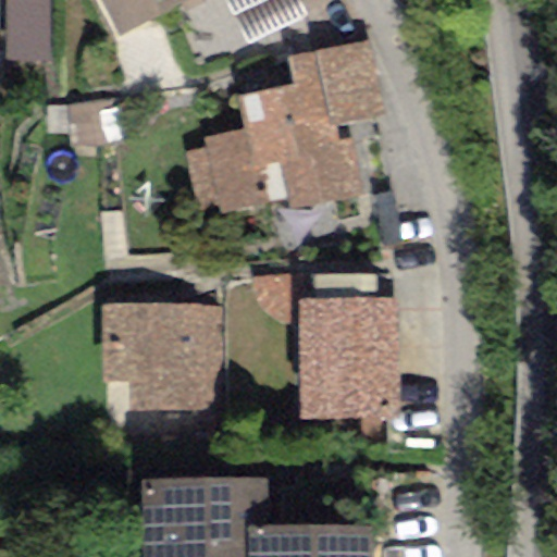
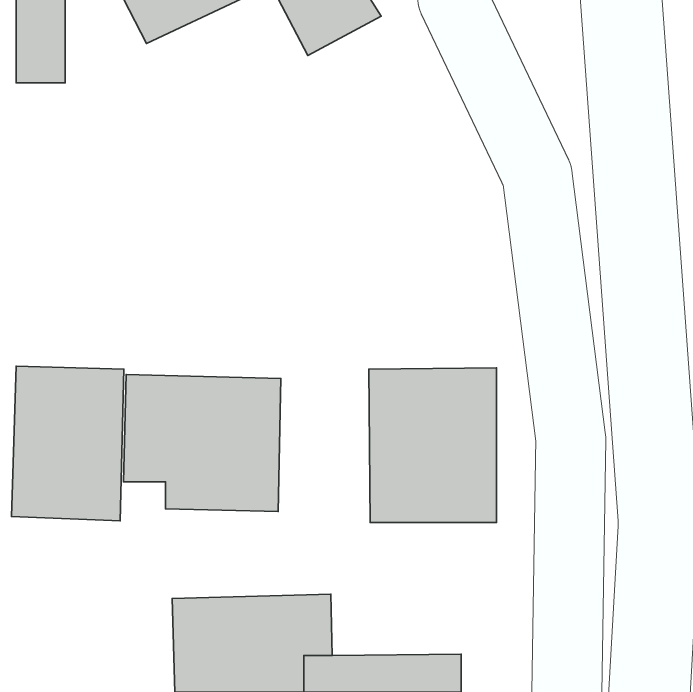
building: [185,41,383,215] -> none
building: none -> [11,366,124,521]

